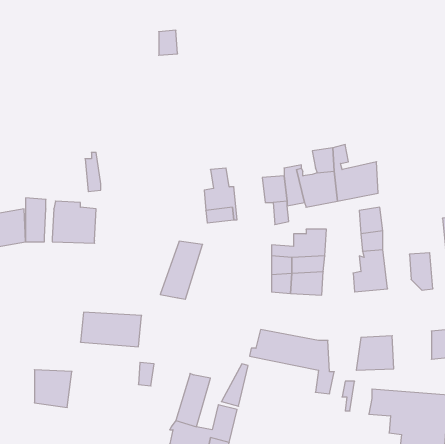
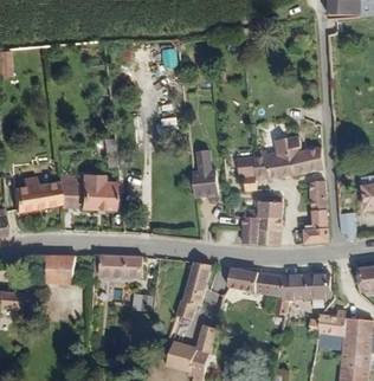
building: [160,241,203,299] -> [180,263,212,306]
building: none -> [282,275,307,301]
building: [34,370,72,407] -> [45,257,73,285]

